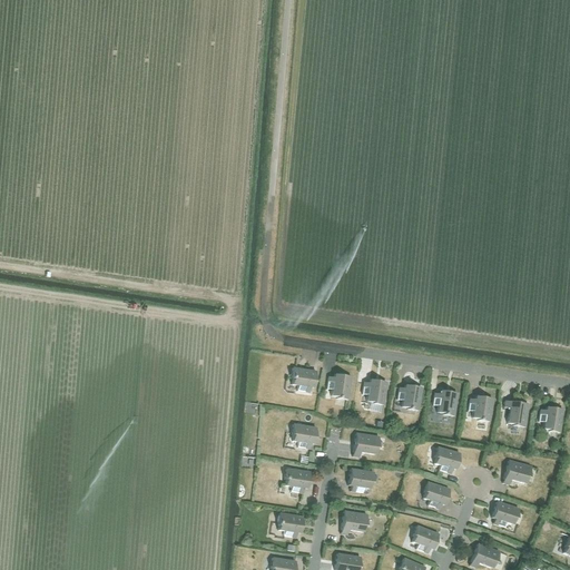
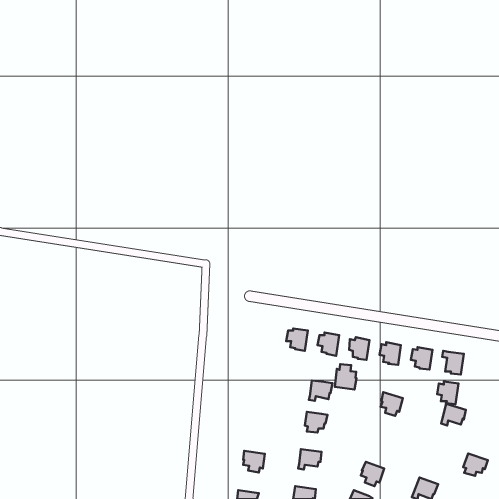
building: [292,366,316,391] -> none
building: [539,405,563,431] -> [437,381,459,404]
building: none -> [335,364,357,390]
building: [292,422,317,448] -> none
building: [285,466,309,492] -> none
building: [424,480,450,508] -> none
building: [492,500,520,525] -> [463,453,488,476]

